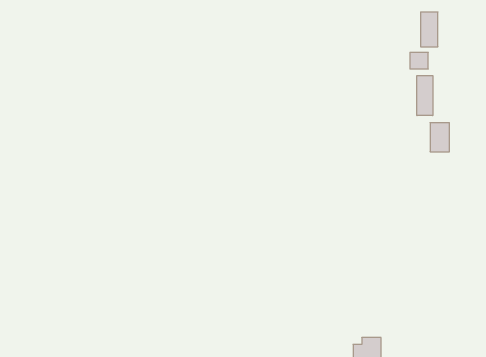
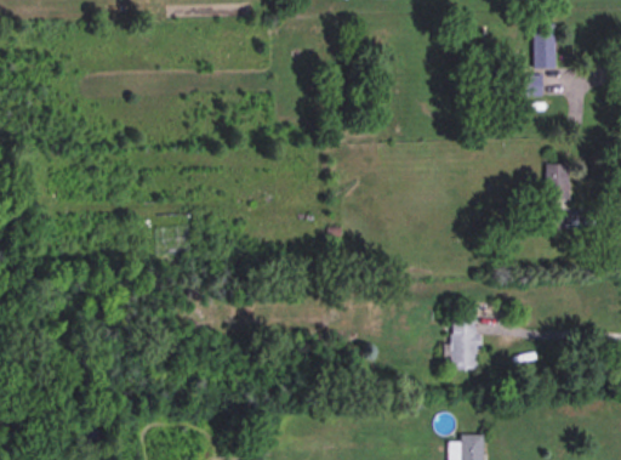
building: [417,76,433,116] -> none
building: none -> [450,316,480,370]

